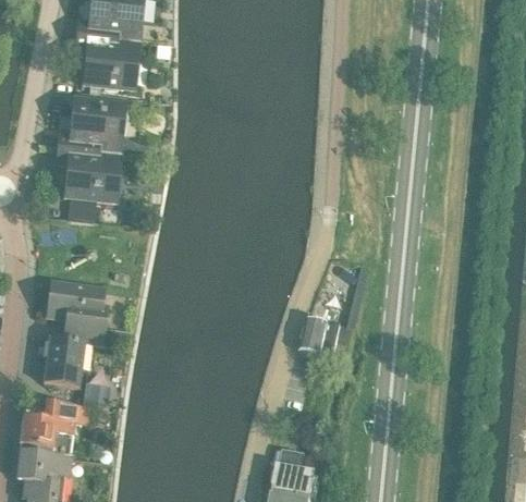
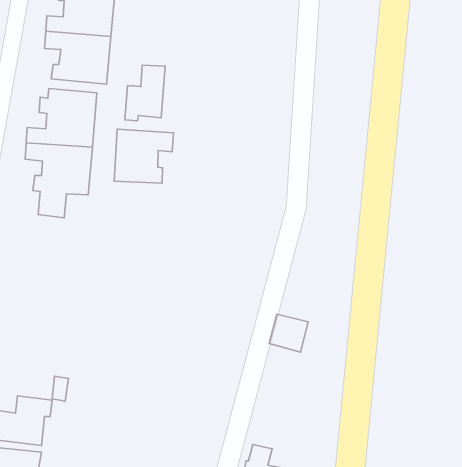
building: none -> [125,65,165,121]
building: none -> [114,129,174,183]
building: [46,282,106,339] -> none
building: [42,336,84,384] -> none

